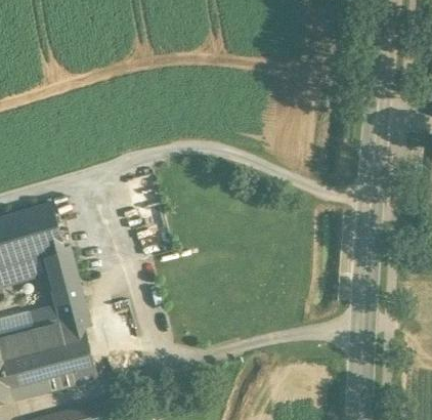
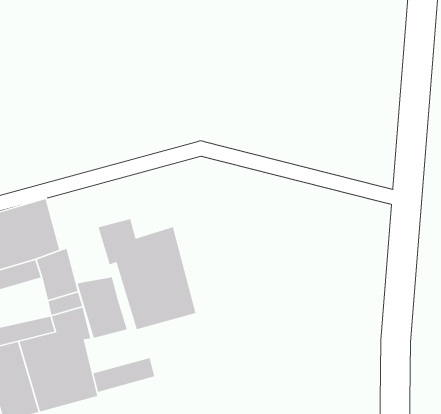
building: none -> [98,218,197,330]
building: none -> [76,277,128,339]
building: none -> [92,357,155,393]

